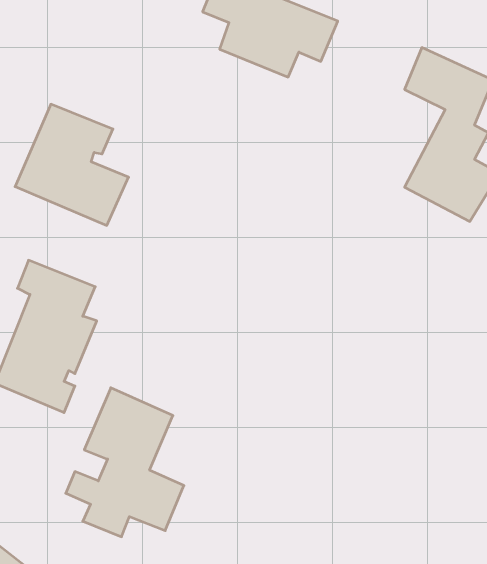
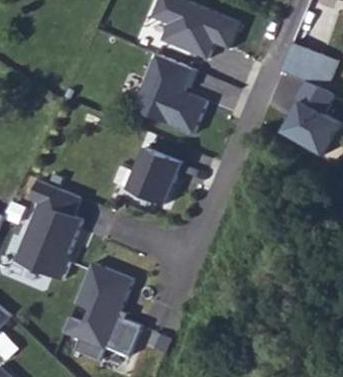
building: [15,104,129,225] -> [130,55,204,134]
building: none -> [124,147,178,204]

